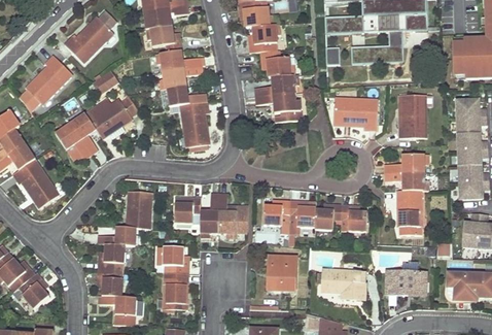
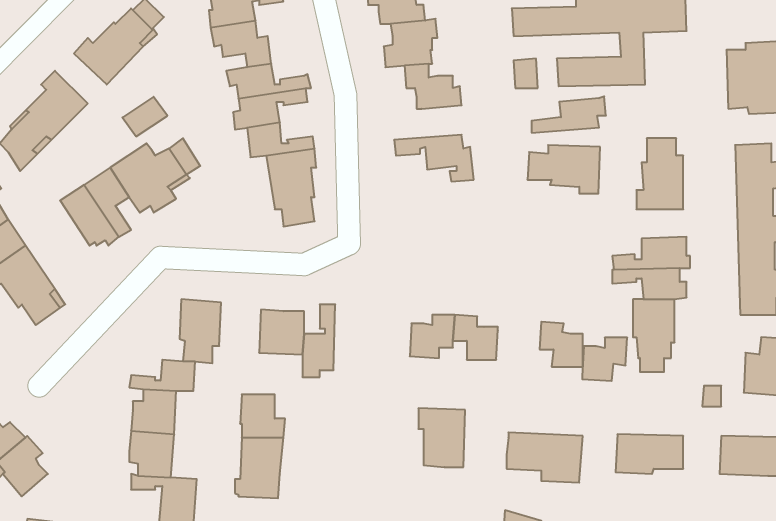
building: [254,73,298,95] -> [532,96,606,133]
building: [218,192,248,237] -> none
building: [315,203,342,229] -> [582,338,627,381]

